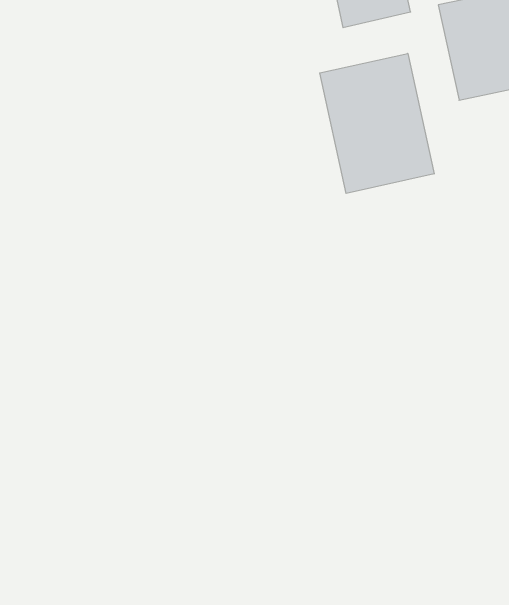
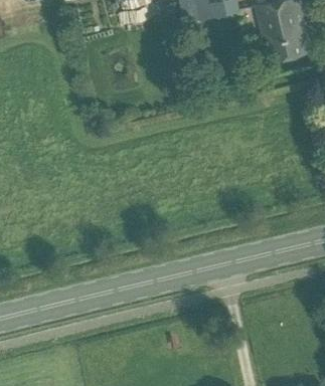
building: [320,53,434,193] -> none

